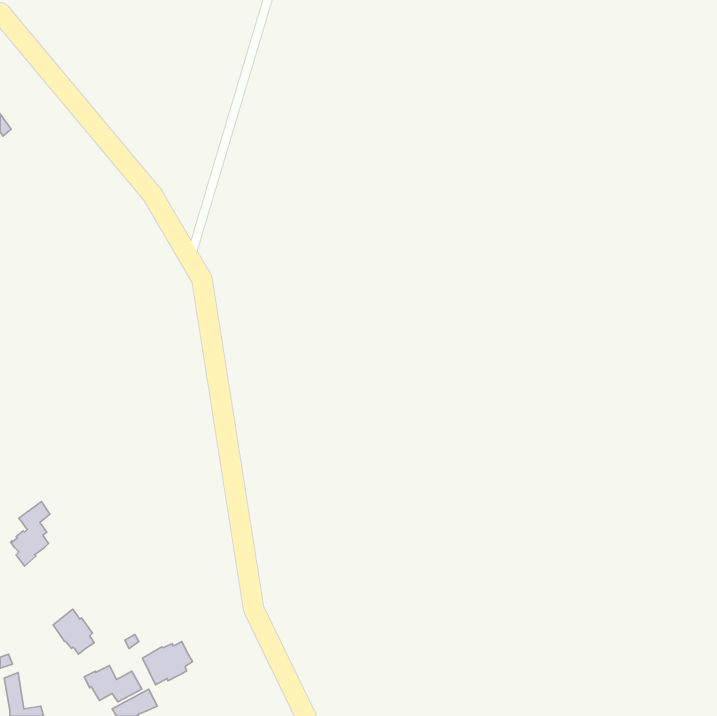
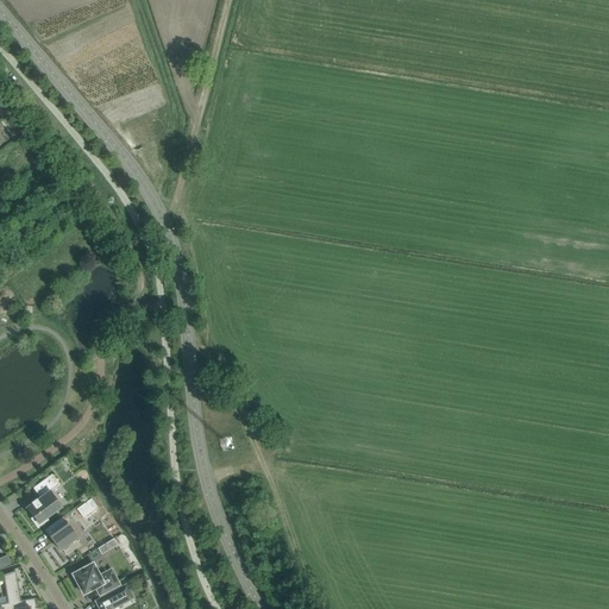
building: [10,501,50,566] -> [26,473,59,528]
building: [143,642,193,685] -> none

